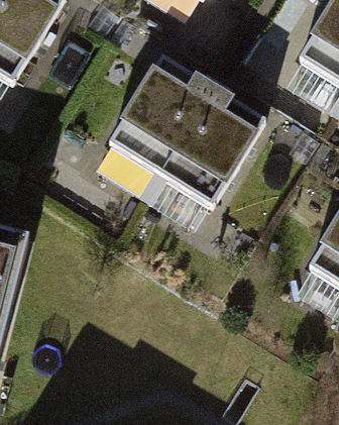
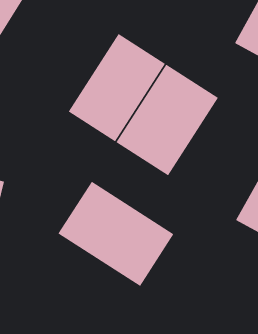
building: none -> [57,181,174,287]

